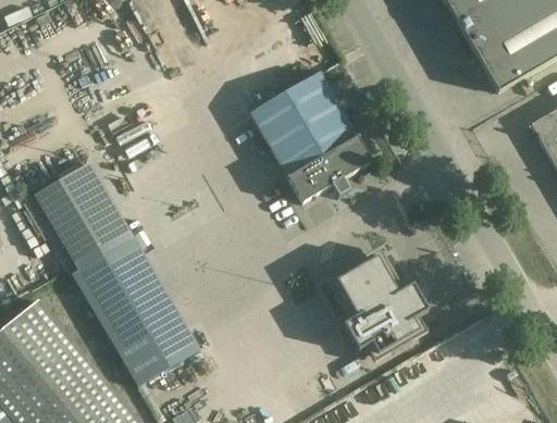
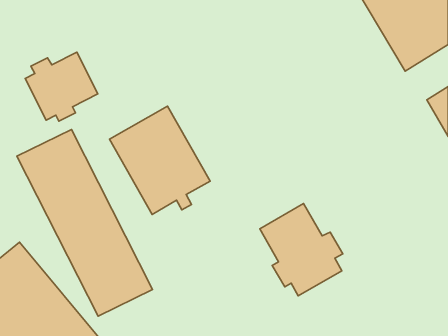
building: none -> [25,52,98,121]
building: [248,71,371,202] -> [109,106,210,214]

